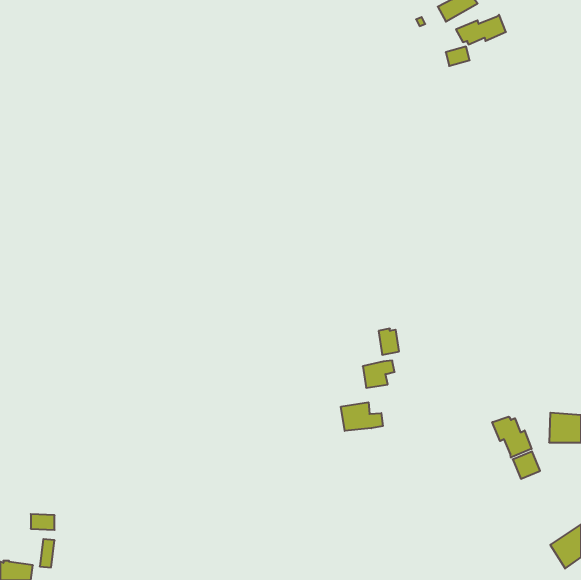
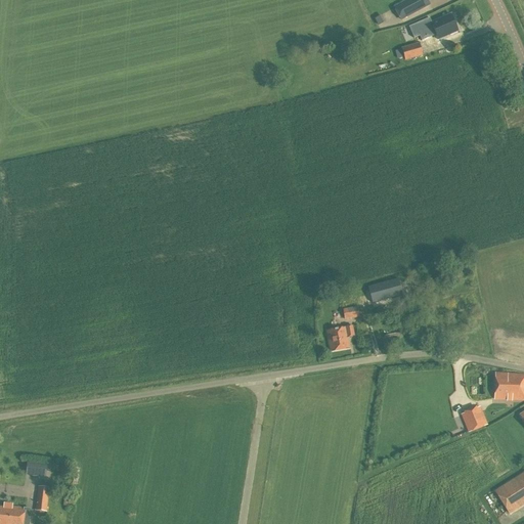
building: none -> [367,277,401,302]
building: [341,402,383,431] -> none
building: [492,417,532,458] -> none

